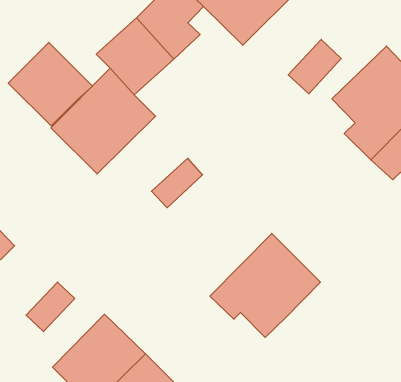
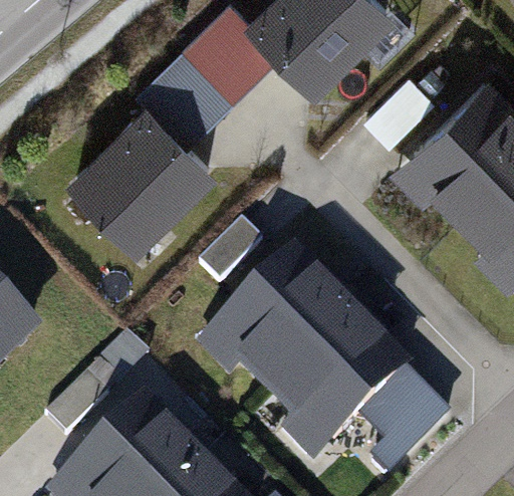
building: [8,42,93,126] -> none
building: none -> [225,254,348,389]
building: none -> [365,371,451,474]

